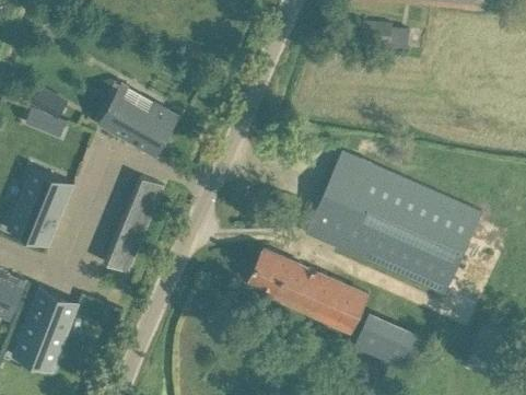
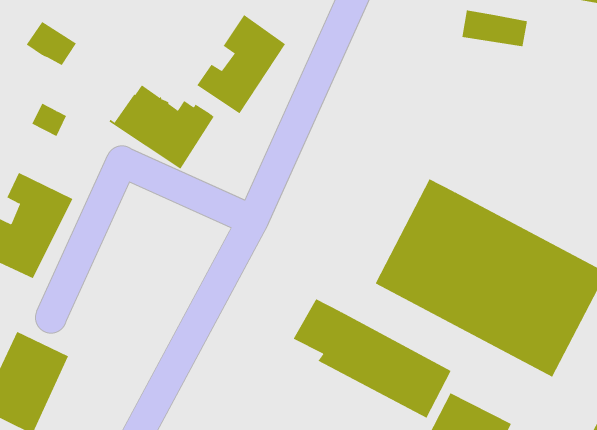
building: none -> [197,14,286,114]
building: [30,85,68,118] -> [26,21,77,66]
building: [107,173,167,272] -> none

